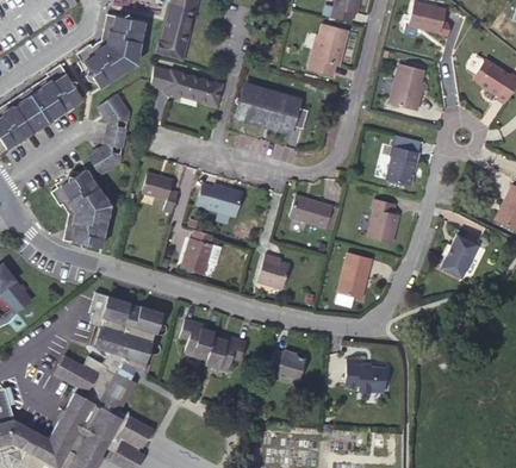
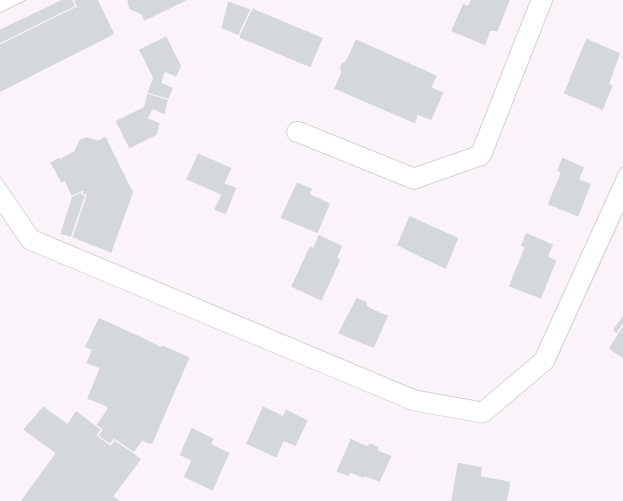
building: [181,230,213,275] -> [290,234,343,302]
building: [338,251,372,297] -> none
building: [180,318,215,360] -> [179,427,230,492]

